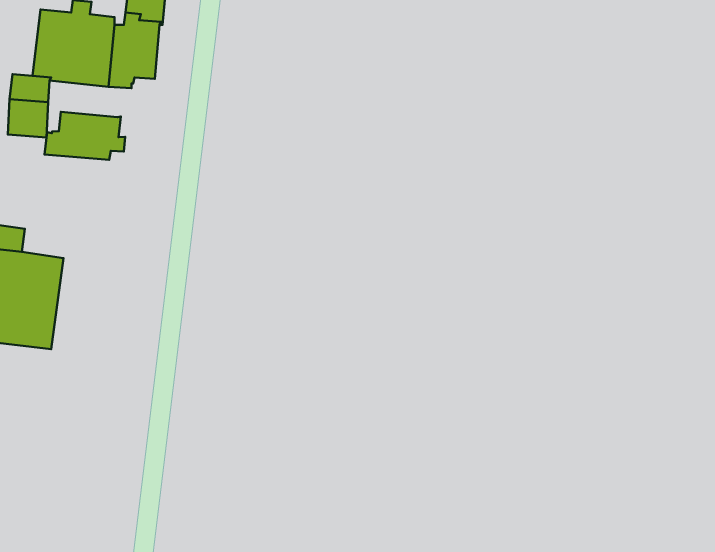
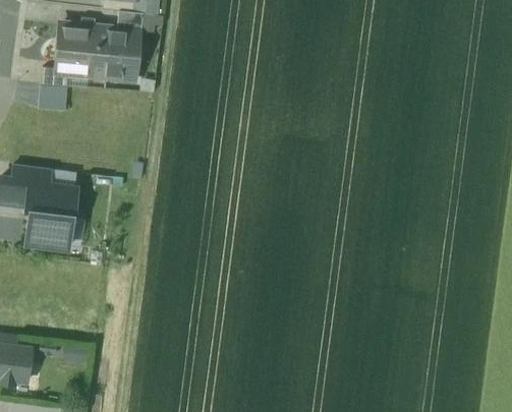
building: [45,112,125,160] -> none

